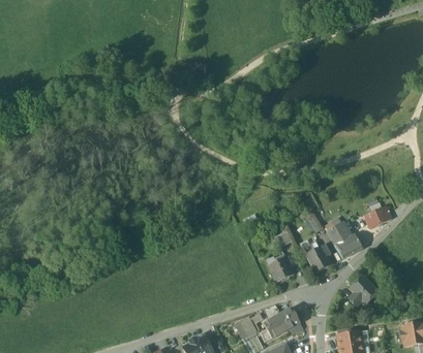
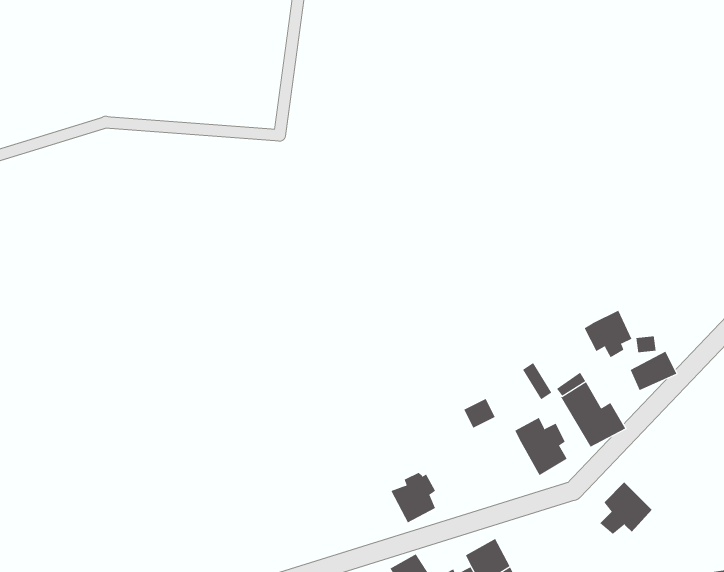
building: none -> [584,310,632,358]
building: [268,254,293,282] -> [391,472,436,523]

